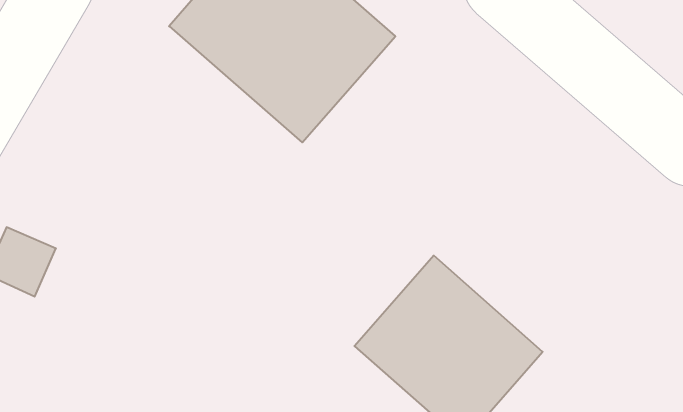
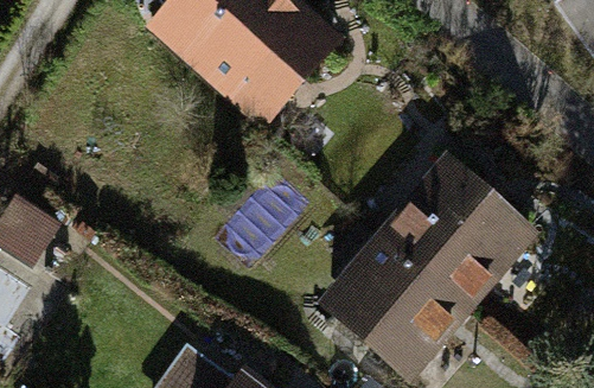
building: none -> [375,151,532,306]

